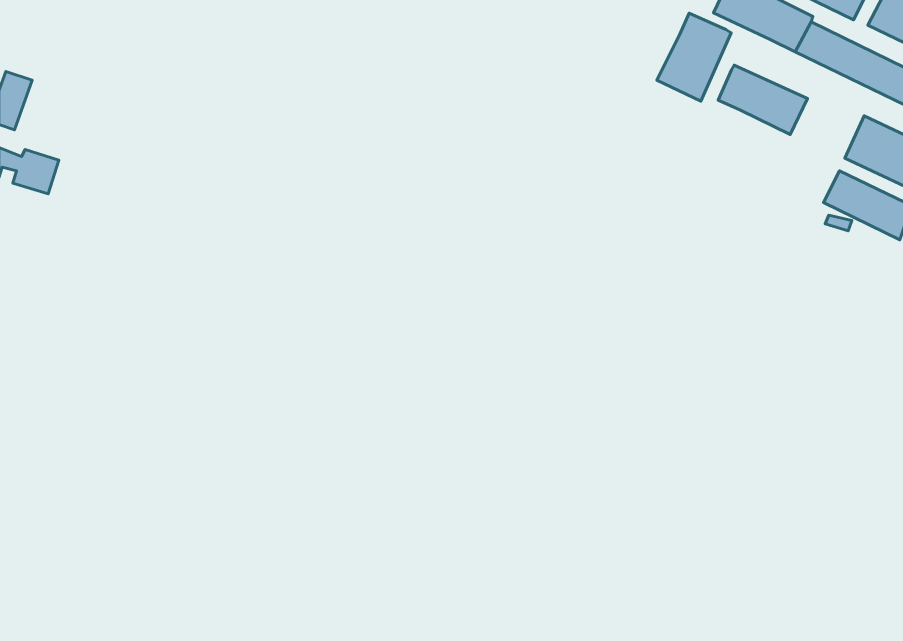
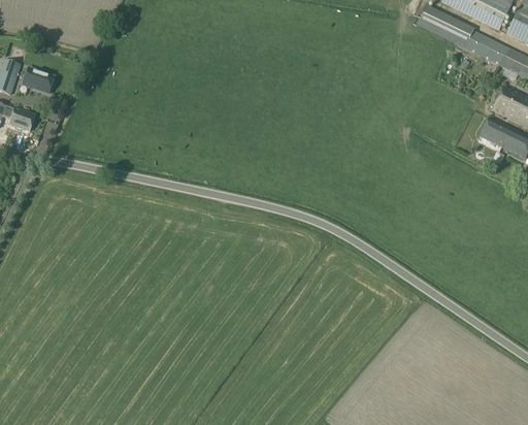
building: [657,13,731,101] -> none
building: [718,65,807,135] -> none
building: none -> [23,67,55,93]

